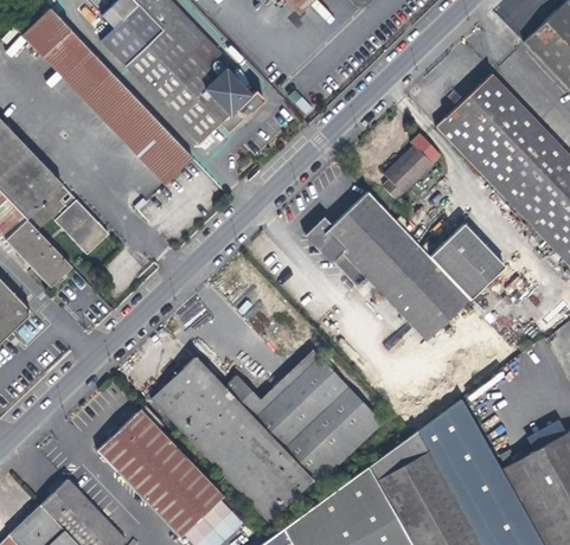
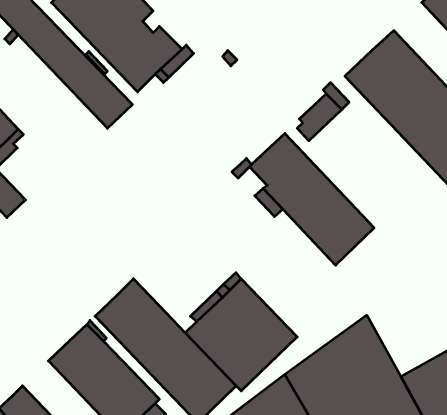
building: [55,200,109,255] -> none
building: [429,224,504,299] -> none
building: [314,229,347,262] -> none
building: [224,374,267,418] -> none

